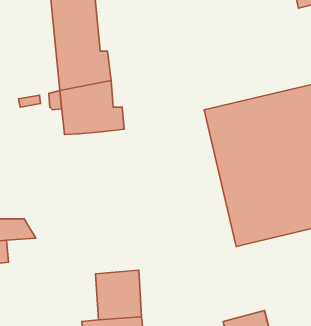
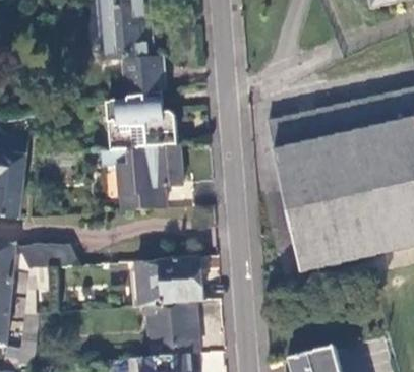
building: none -> [101,144,182,211]
building: none -> [135,256,201,306]

